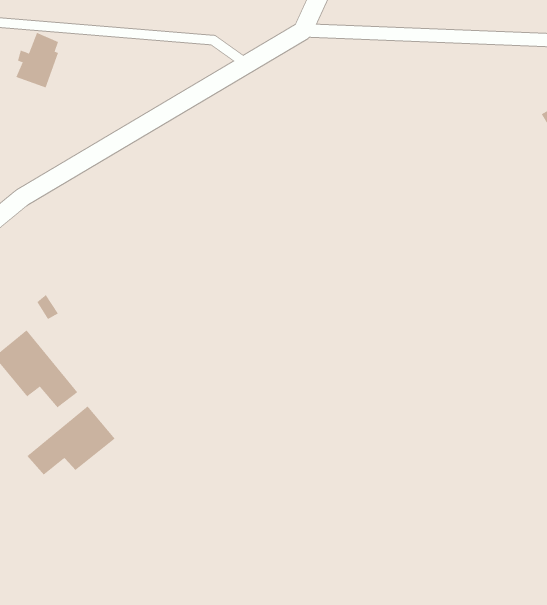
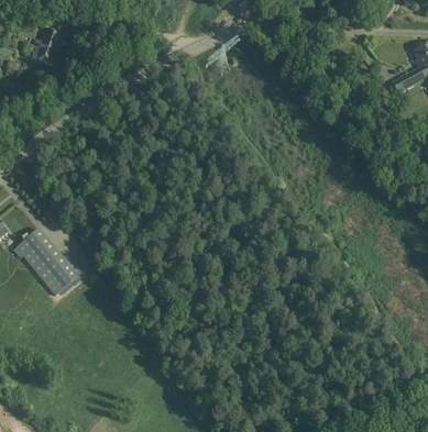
building: [26,405,115,476] -> none

